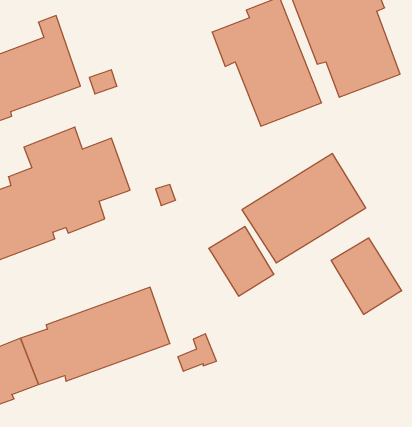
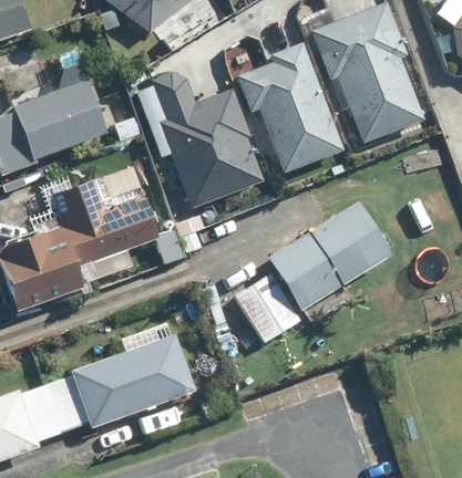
building: none -> [131,72,260,214]
building: [331,238,402,314] -> none

